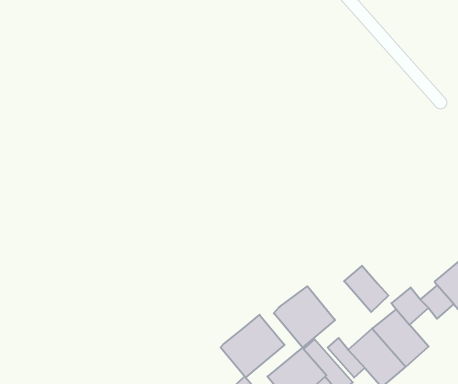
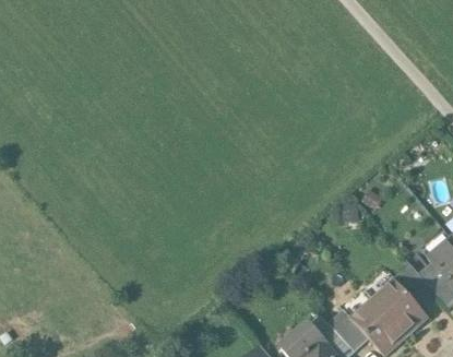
building: [344,266,388,312] -> none
building: [274,286,335,348] -> none
building: [221,315,285,378] -> none

